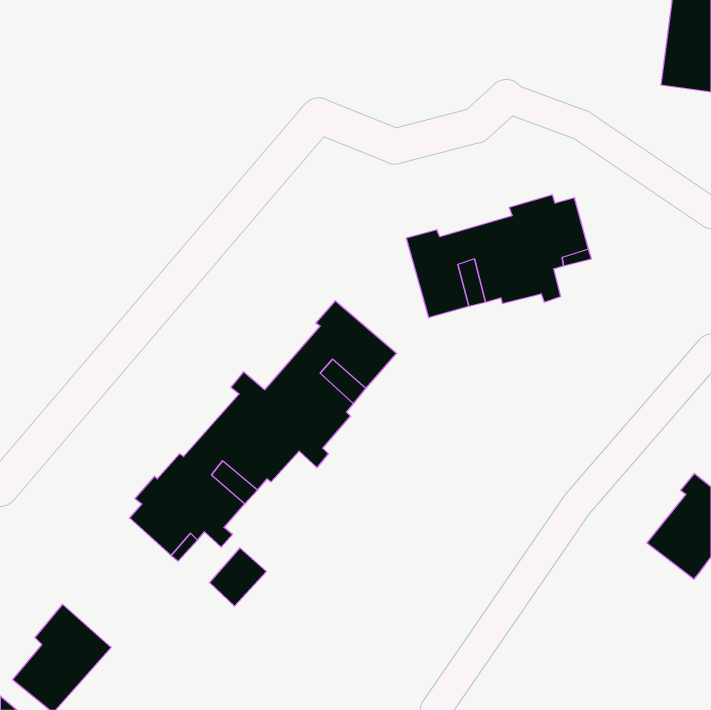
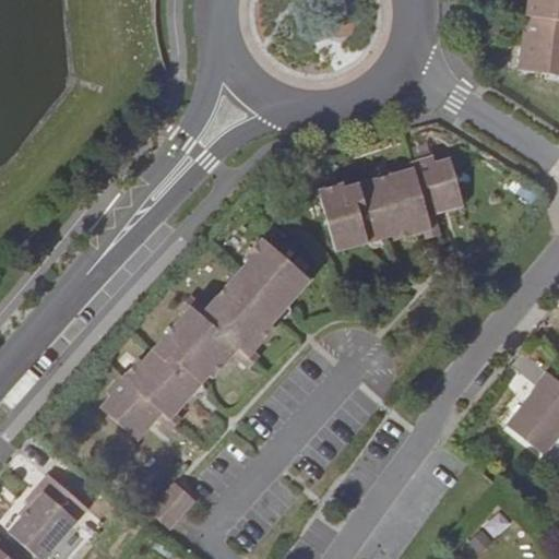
building: [209,548,266,606] -> [151,481,195,527]

